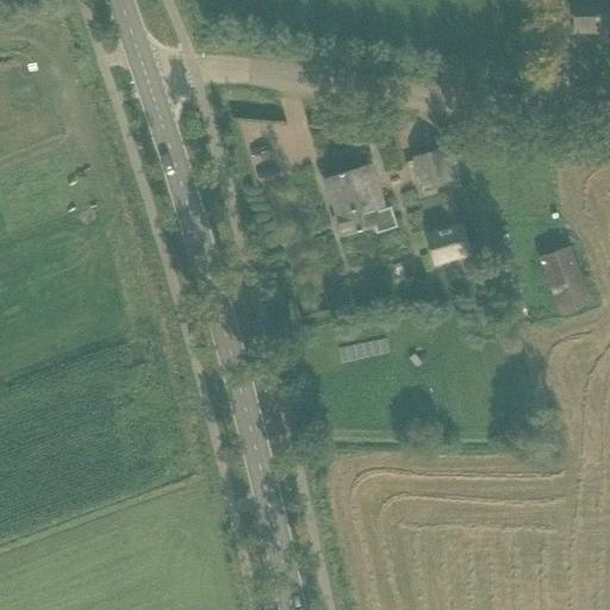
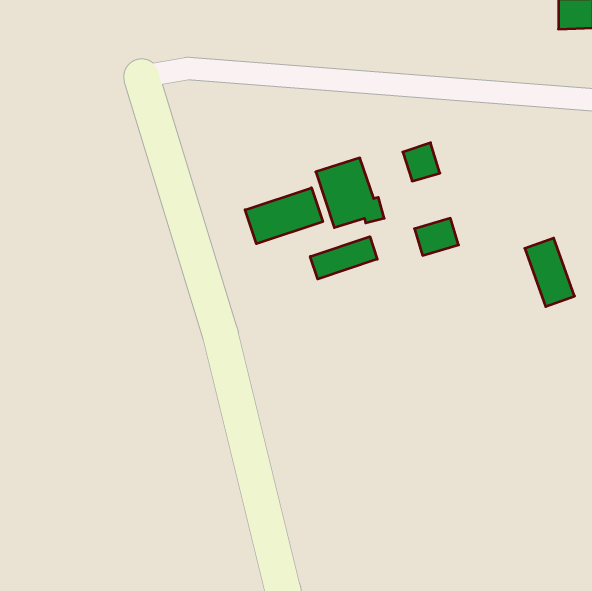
building: none -> [245,188,323,244]
building: none -> [310,237,377,279]

